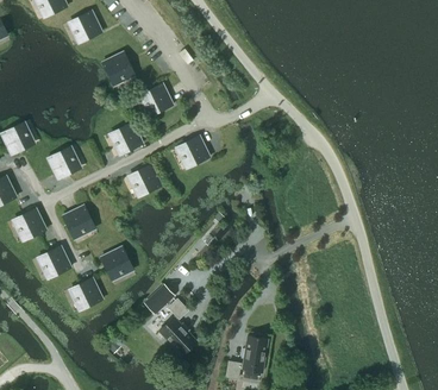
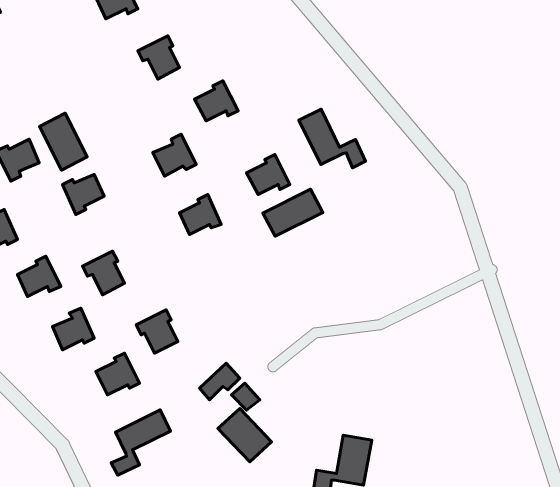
building: none -> [299,109,366,168]
building: none -> [40,113,87,170]
building: none -> [263,189,323,236]
building: none -> [111,410,171,475]

